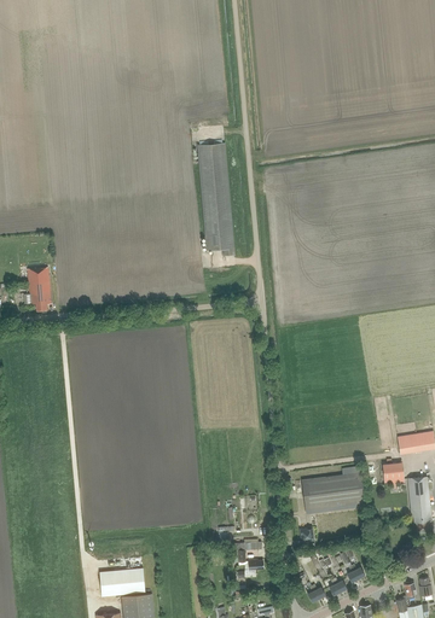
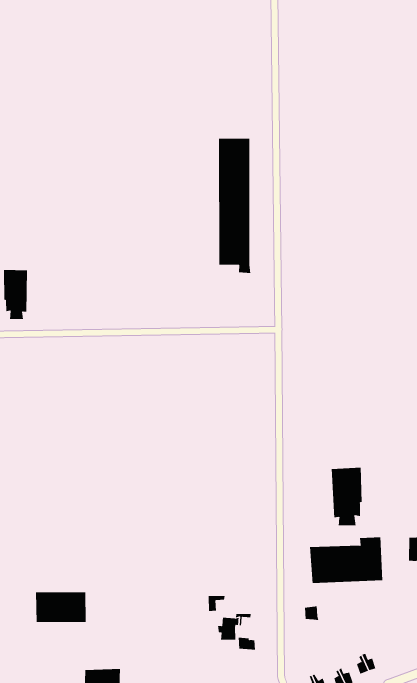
building: none -> [331,467,362,526]
building: [99,567,144,596] -> [35,592,87,623]

